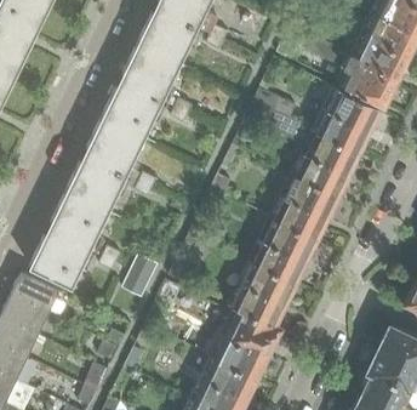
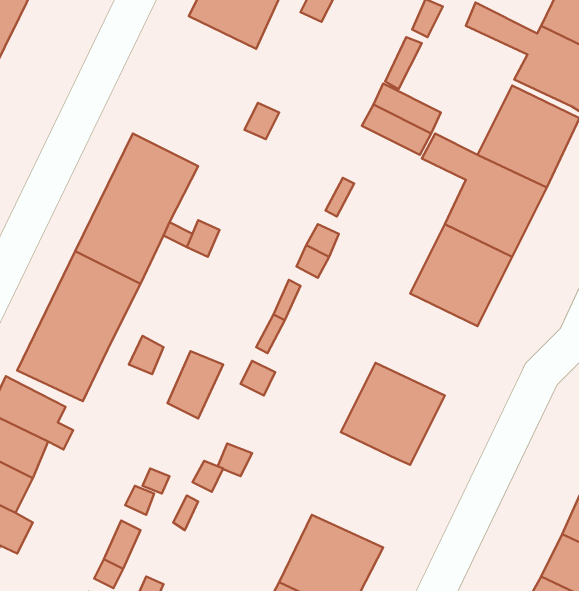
building: [102,45,179,139] -> none
building: [255,220,319,284] -> none
building: [205,314,281,380] -> none

